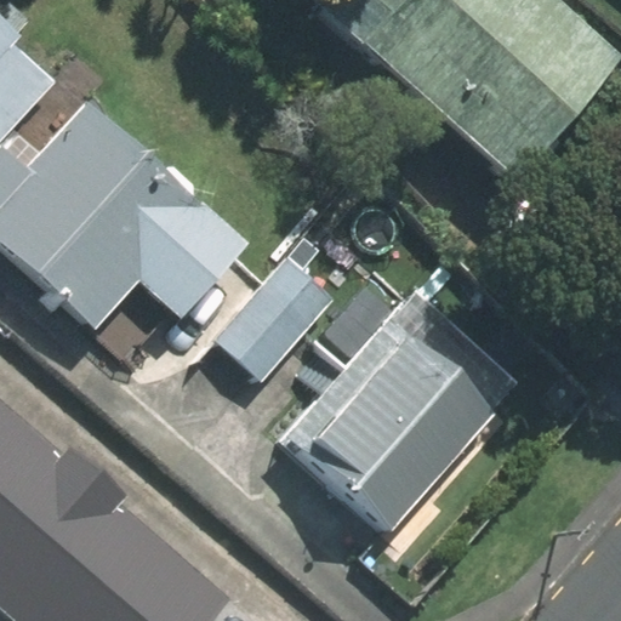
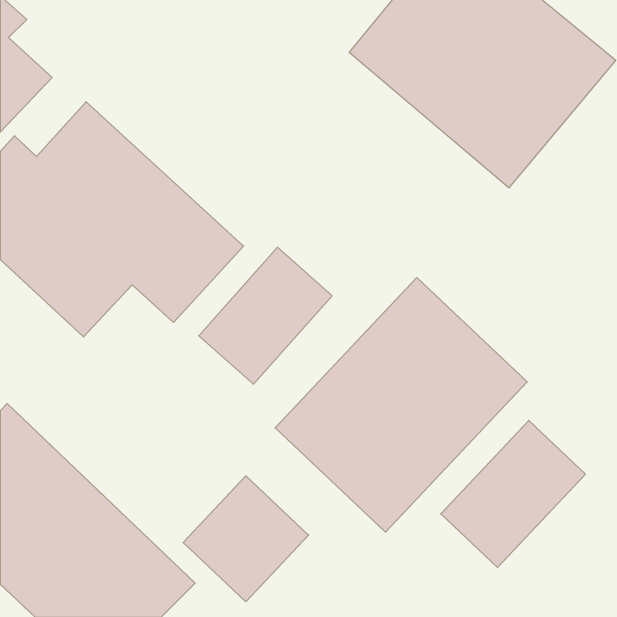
building: none -> [441,420,585,567]
building: none -> [183,476,309,602]

